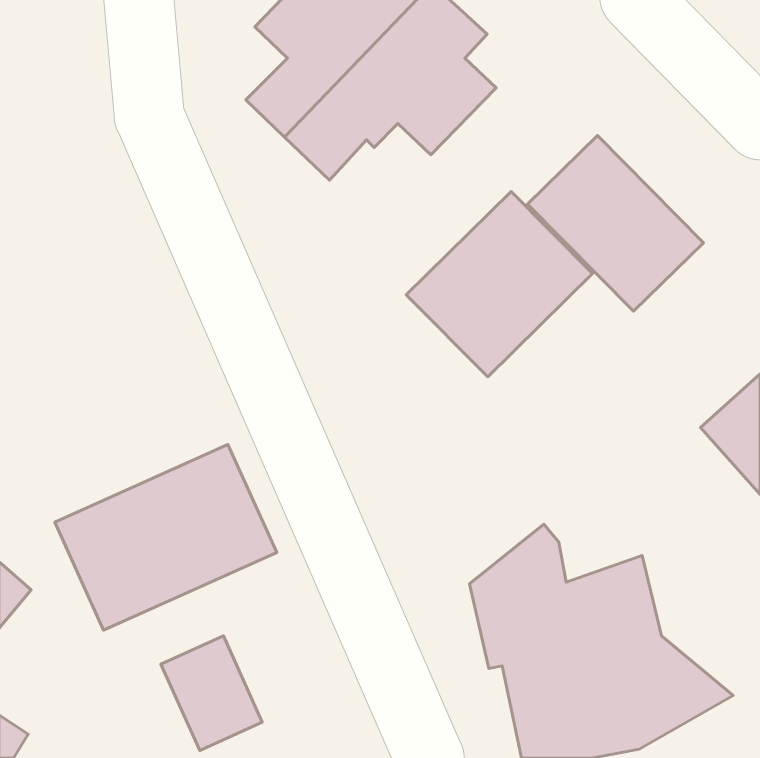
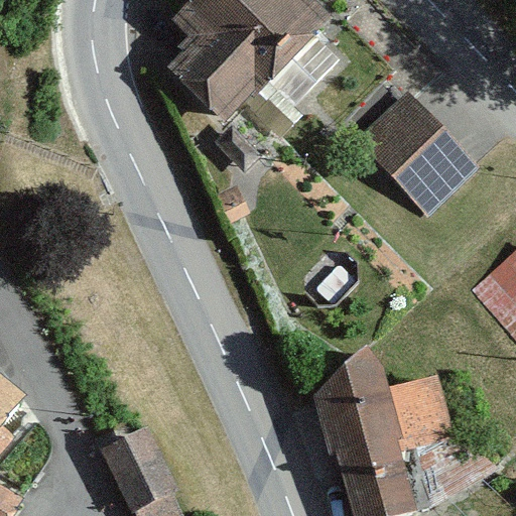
building: [406,191,593,377] -> none
building: [55,445,277,630] -> none

